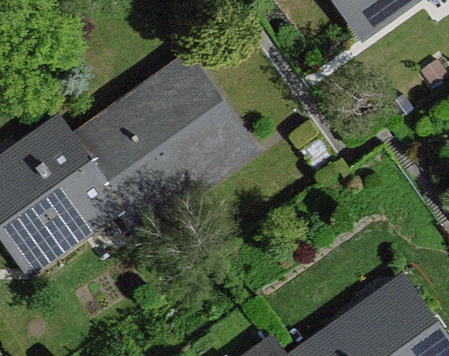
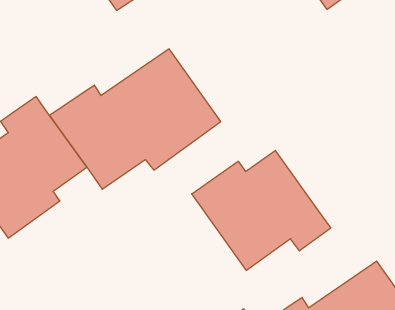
building: none -> [192,150,331,270]

